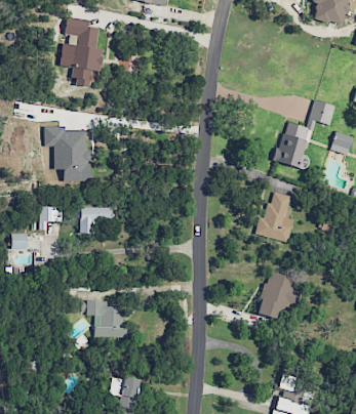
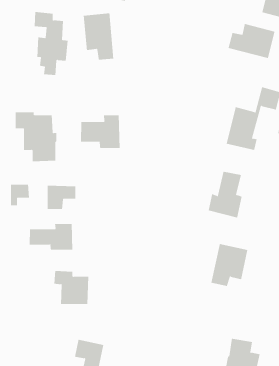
building: none -> [83,13,114,61]
building: none -> [228,23,275,59]
building: none -> [80,115,120,149]
building: none -> [29,223,73,250]

